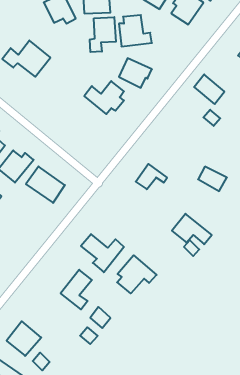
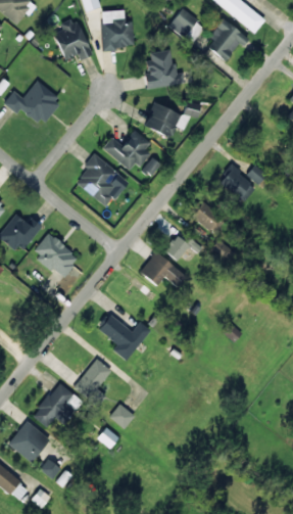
building: [90,17,116,52] -> none
building: [194,74,224,104] -> [219,166,256,201]
building: none -> [76,153,119,204]
building: [198,167,227,191] -> [191,203,226,233]
building: [172,214,212,244] -> [139,250,187,287]
building: [117,255,157,293] -> none
building: none -> [32,382,82,428]

